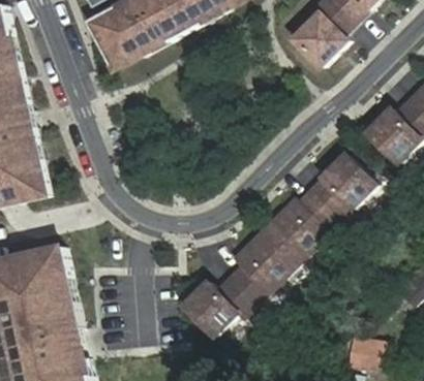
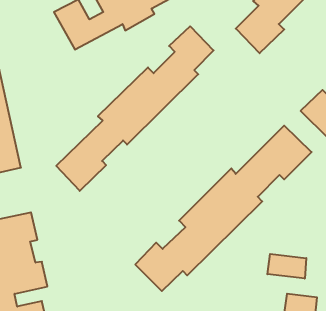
building: none -> [56,26,214,191]
building: none -> [267,254,306,279]

